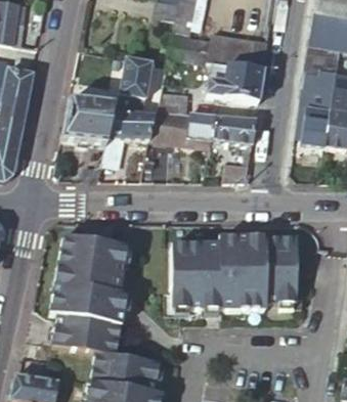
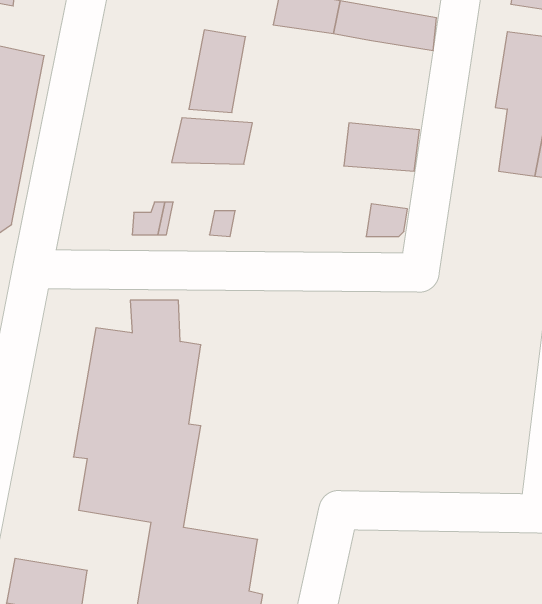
building: [206,64,264,103] -> none
building: [62,99,116,144] -> none
building: [172,110,214,139] -> none
building: [171,236,296,308] -> none

